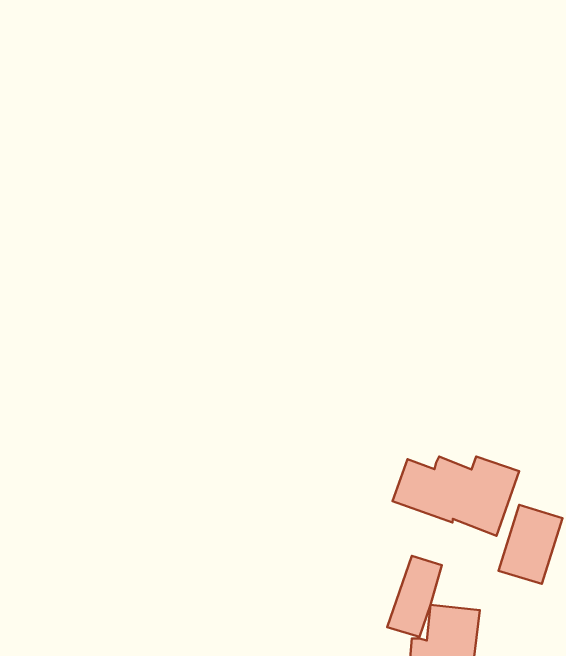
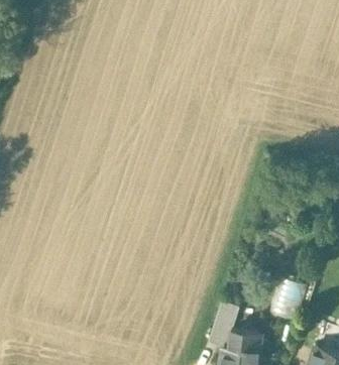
building: [393,456,519,536] -> none

